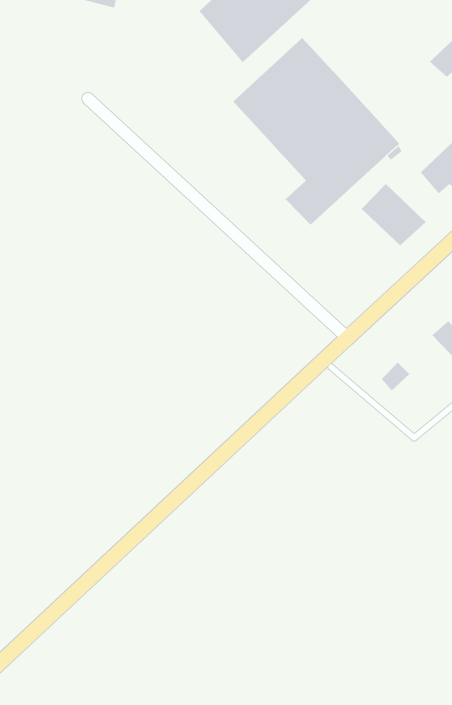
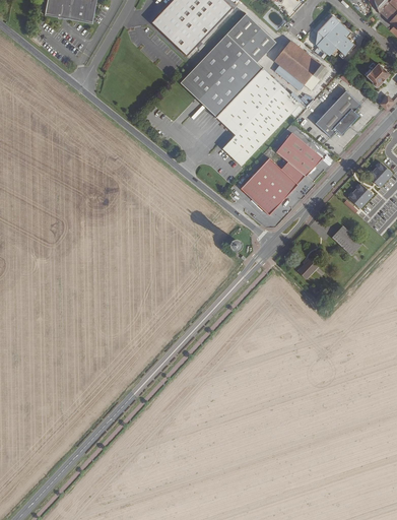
building: none -> [225,13,275,62]
building: none -> [273,40,326,89]
building: none -> [240,157,305,214]

